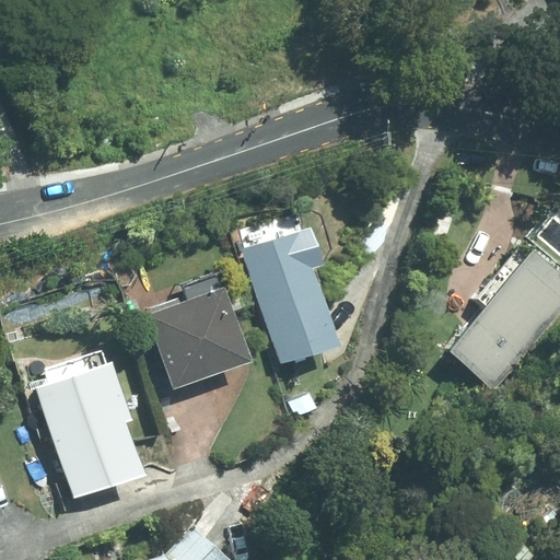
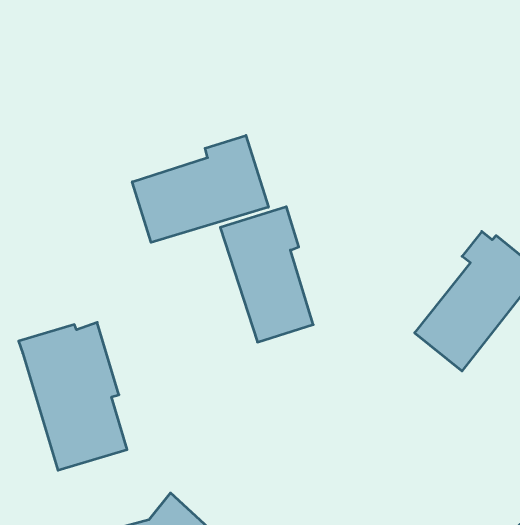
building: none -> [132,135,268,242]
building: [145,272,252,393] -> none

